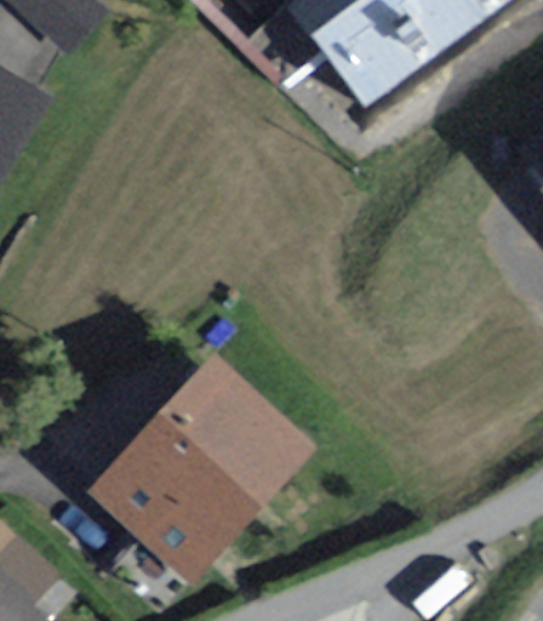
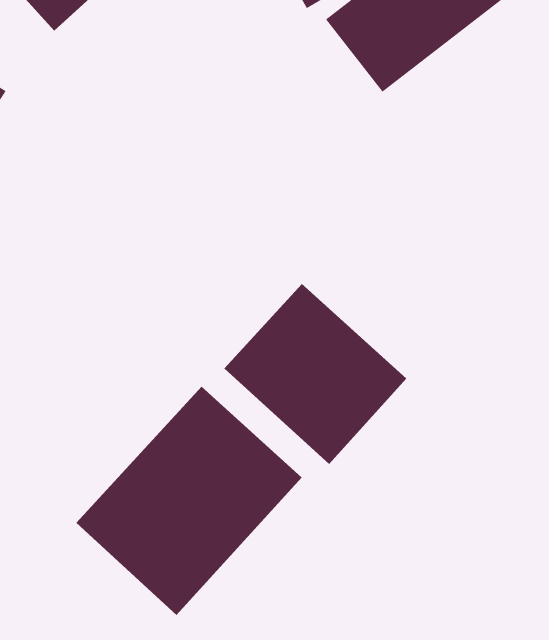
building: none -> [224,283,407,465]

